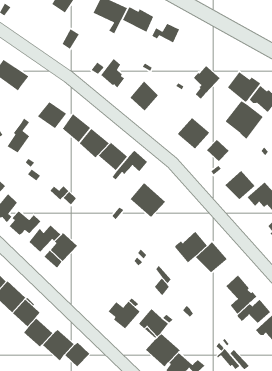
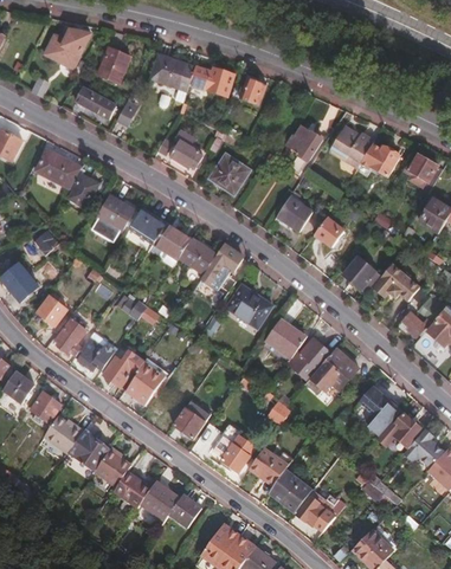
building: none -> [75,85,112,118]
building: [225,100,264,140] -> none
building: [6,118,30,154] -> [66,160,95,206]
building: none -> [265,318,304,356]
building: none -> [174,402,208,439]

